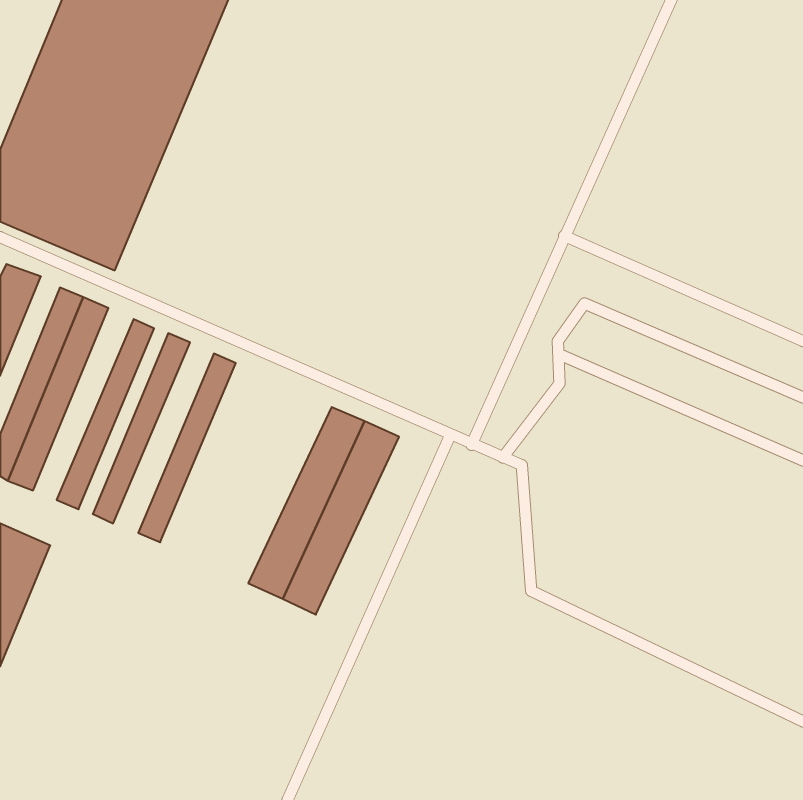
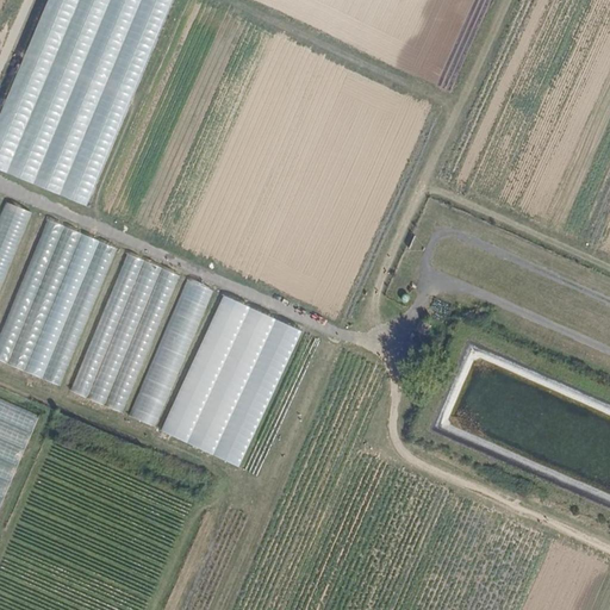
building: none -> [25,234,101,379]
building: none -> [86,260,162,404]
building: none -> [127,279,213,425]
building: none -> [160,294,251,442]

